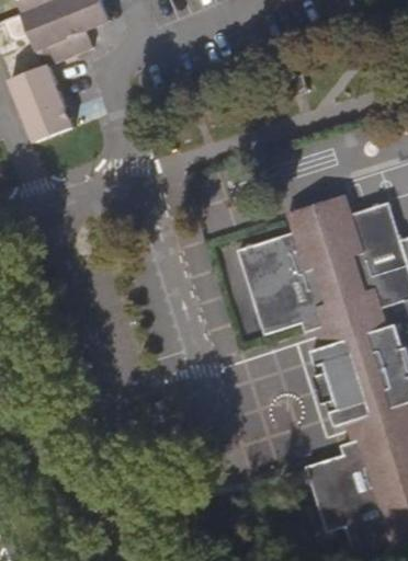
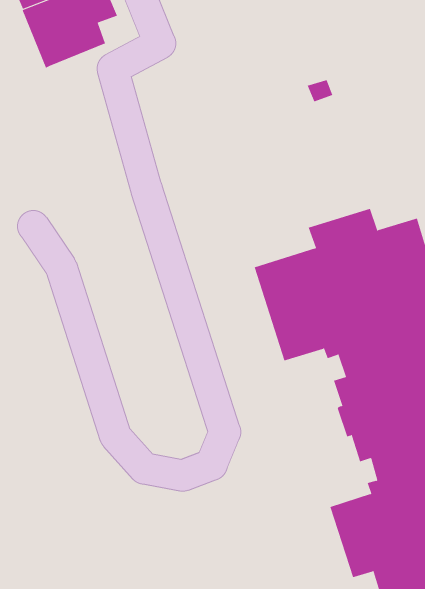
building: [12,65,77,142] -> none

